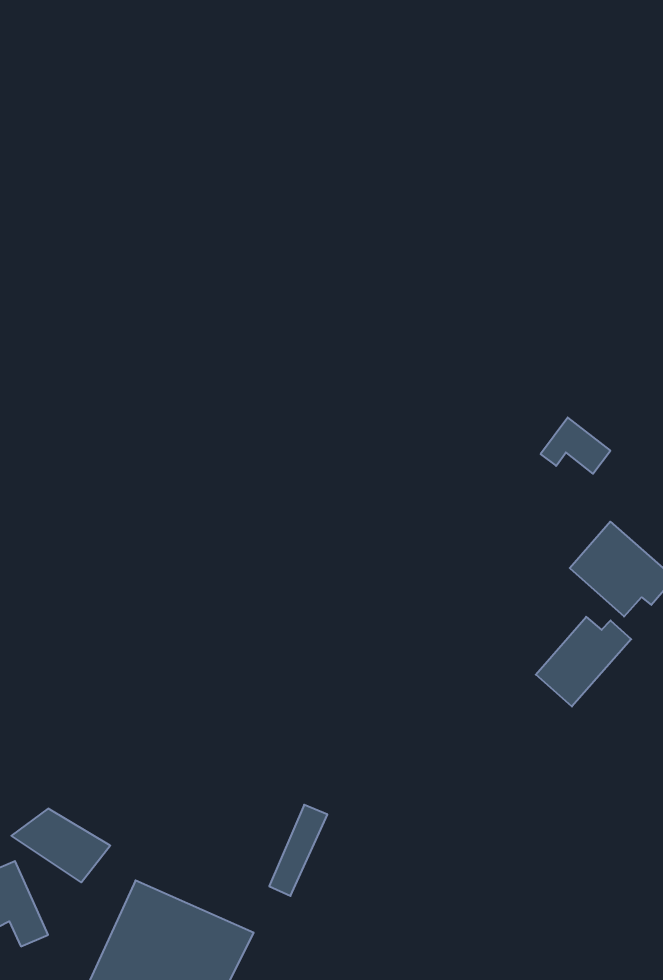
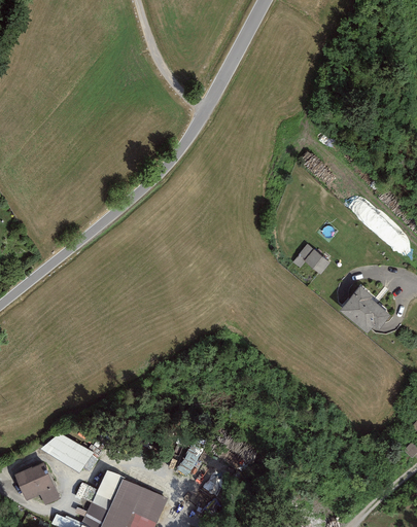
building: [541,417,610,474] -> [292,245,329,275]
building: [536,617,631,707] -> none

